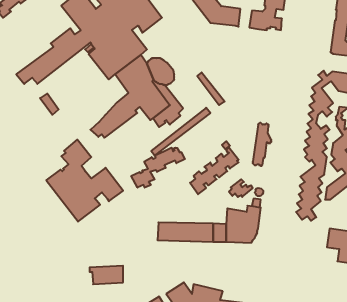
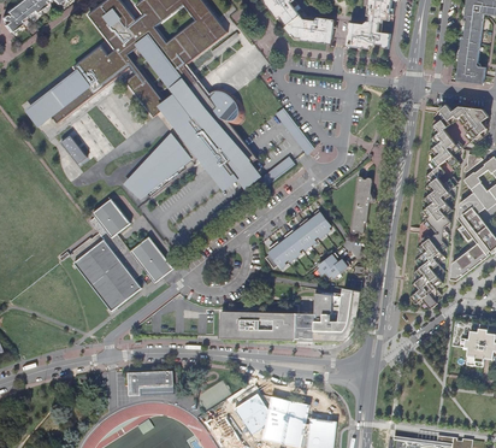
building: [131,148,185,188] -> none

